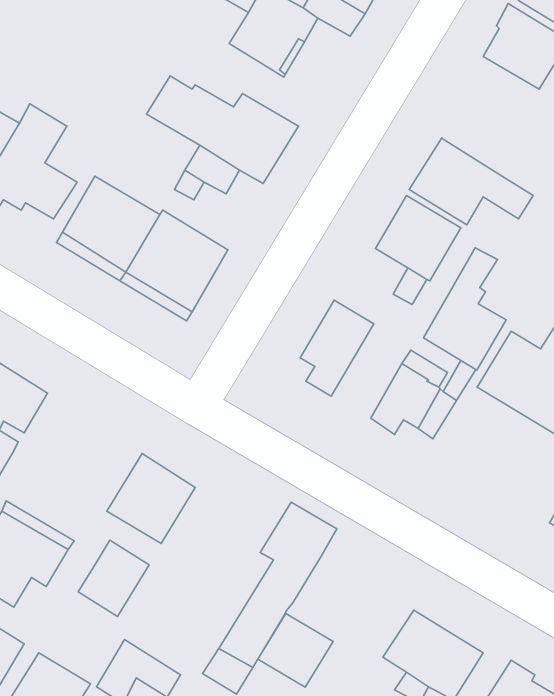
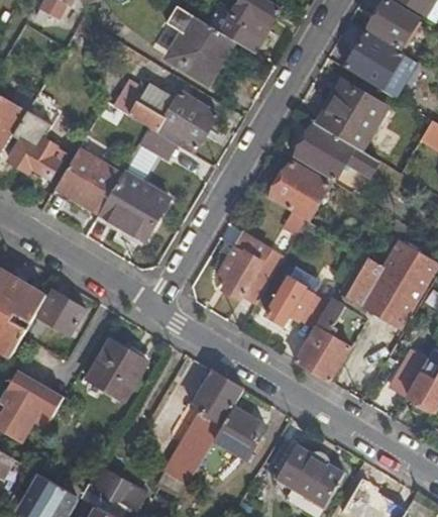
building: none -> [317,80,386,149]
building: [424,248,506,370] -> [295,298,351,382]
building: none -> [37,291,86,336]
building: [78,540,149,616] -> none
building: [258,614,333,687] -> [214,408,265,458]

